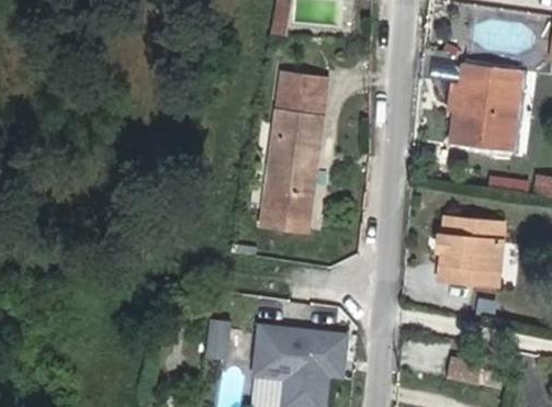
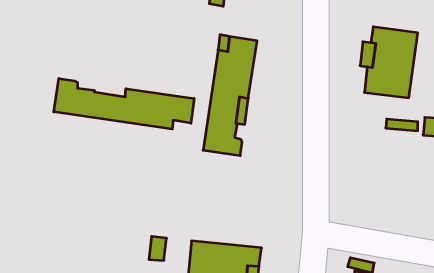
building: none -> [54,78,194,129]
building: [442,229,507,297] -> none

